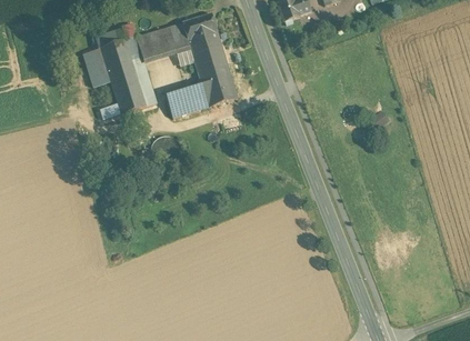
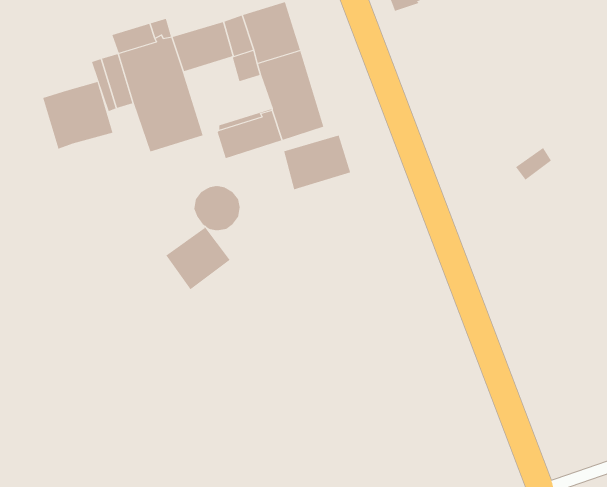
building: none -> [43,81,113,149]
building: none -> [283,134,351,190]
building: none -> [166,226,231,290]

